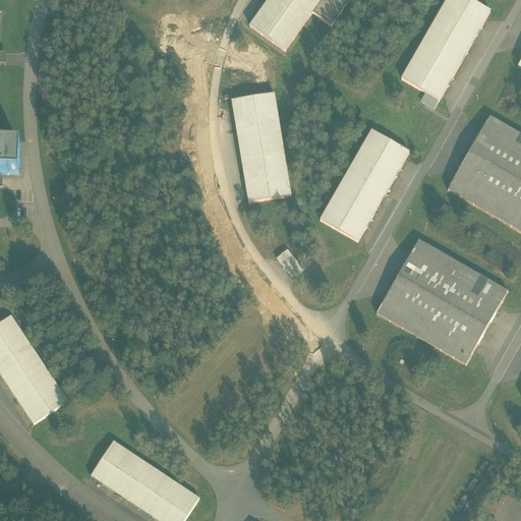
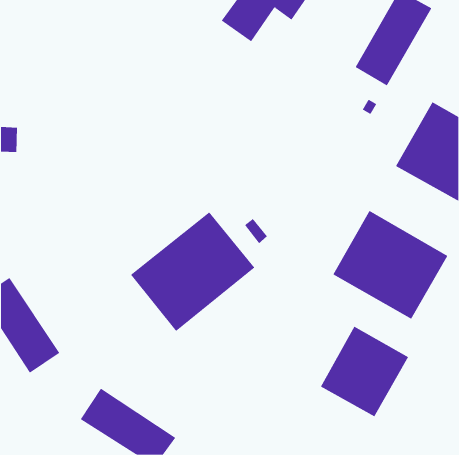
building: [232,92,290,199] -> none
building: [321,129,408,239] -> none
building: none -> [130,211,255,332]
building: none -> [320,326,409,417]

